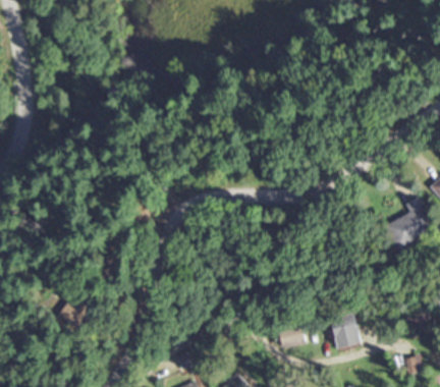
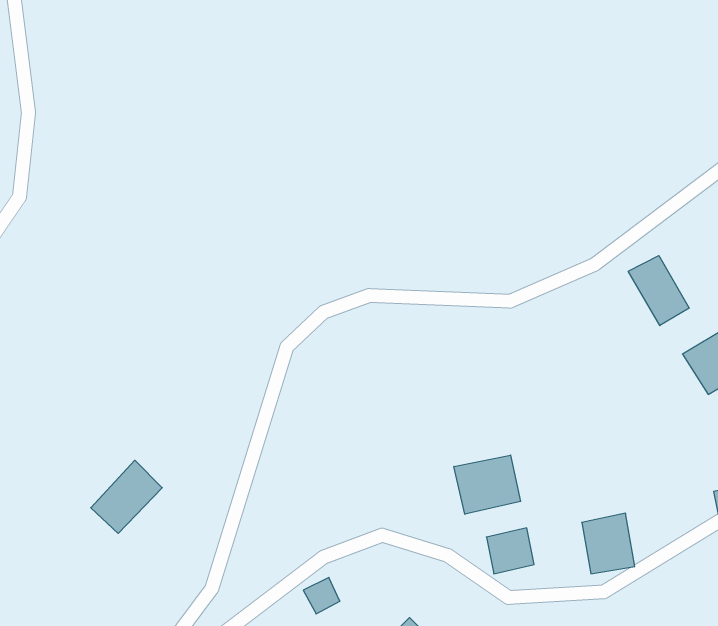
building: none -> [628,256,689,326]
building: none -> [454,455,521,514]

